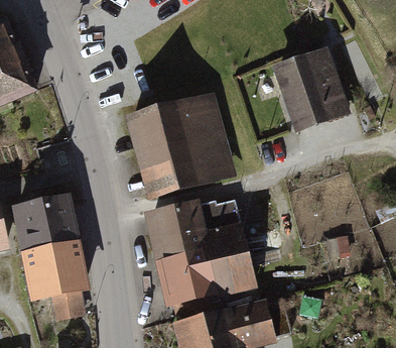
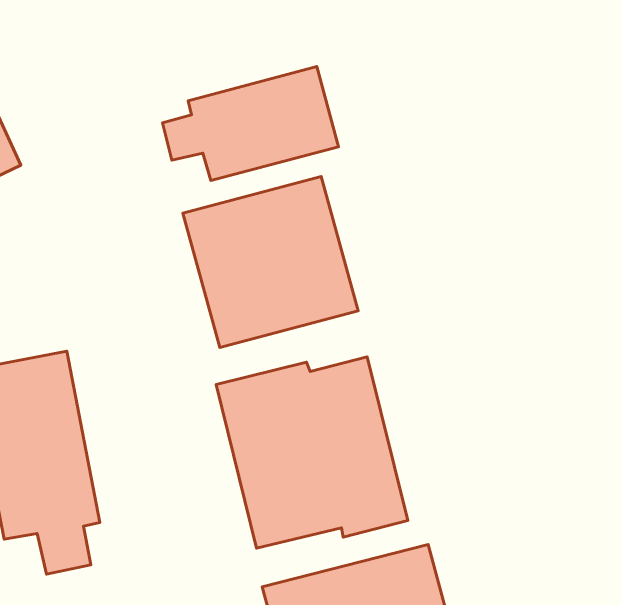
building: none -> [162,67,338,181]
building: [275,49,345,123] -> none

